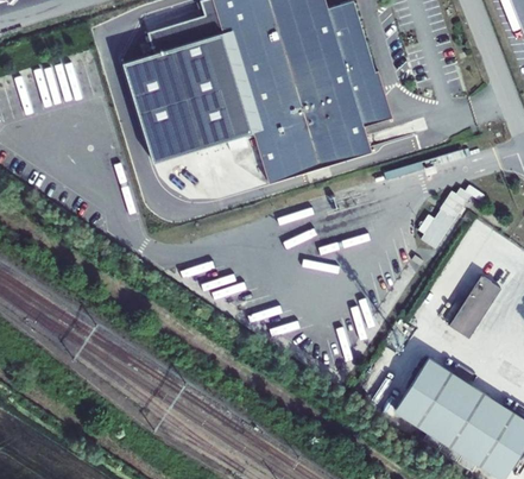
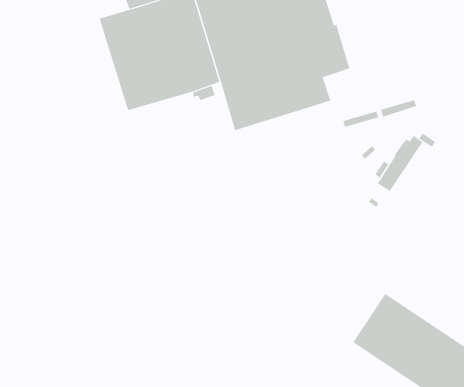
building: [448,275,500,338] -> none

